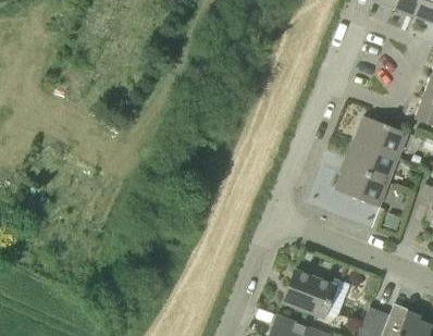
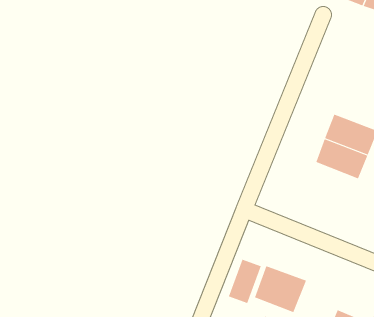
building: [336,165,389,208] -> none
building: none -> [228,259,261,304]

